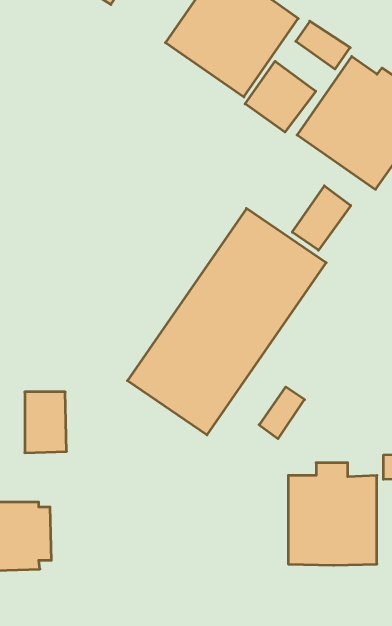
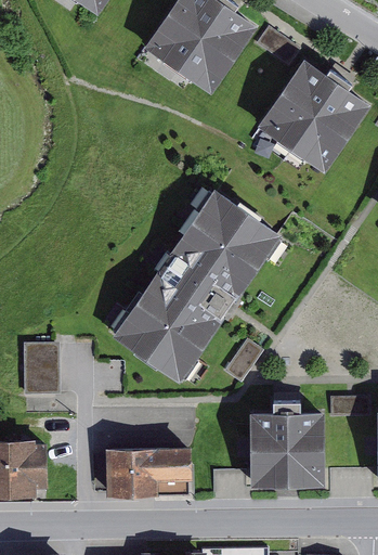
building: [245,61,316,132] -> none
building: [292,186,351,250] -> none
building: none -> [105,446,191,498]

